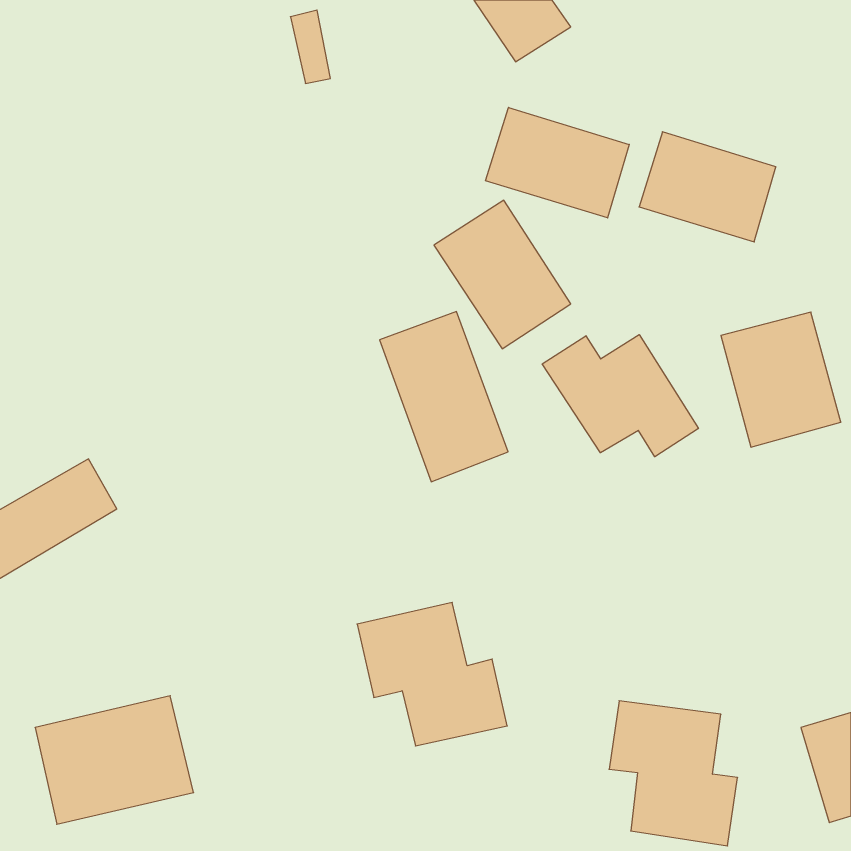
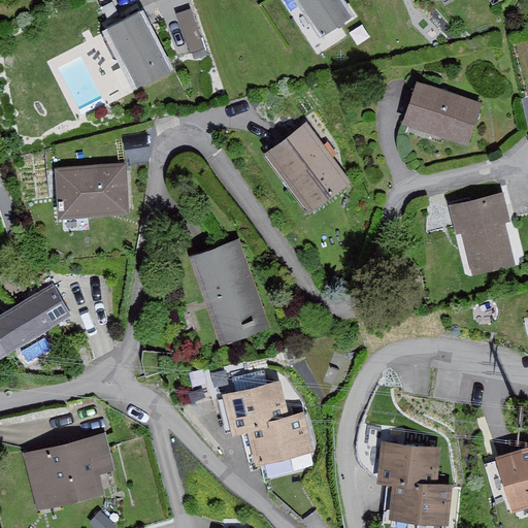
building: none -> [99,8,171,92]
building: [485,107,629,218] -> none
building: none -> [53,164,122,217]
building: [380,312,508,482] -> [190,237,269,342]
building: [542,335,698,457] -> none

